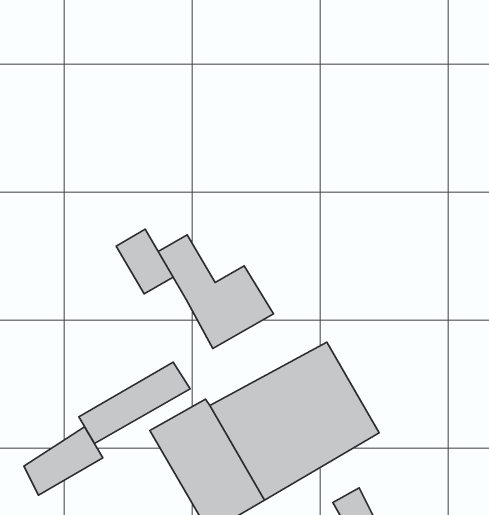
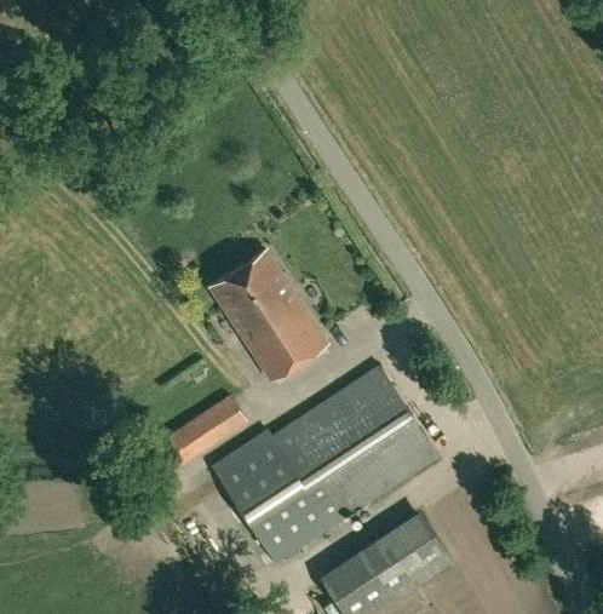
building: [116,229,173,294] -> [236,251,294,315]
building: [24,427,103,495] -> none

